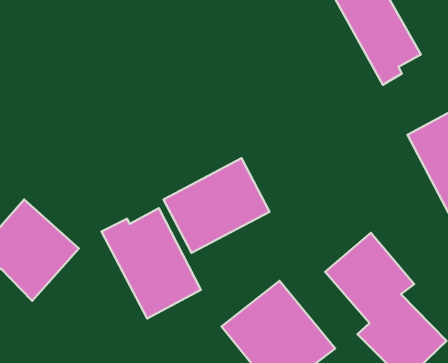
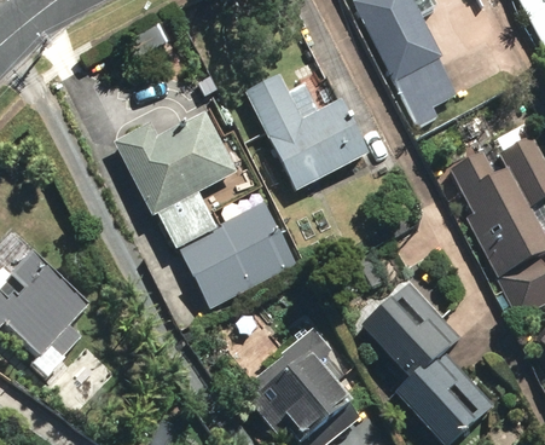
building: none -> [242,63,382,197]
building: none -> [115,108,238,242]
building: [101,208,201,318] -> none

